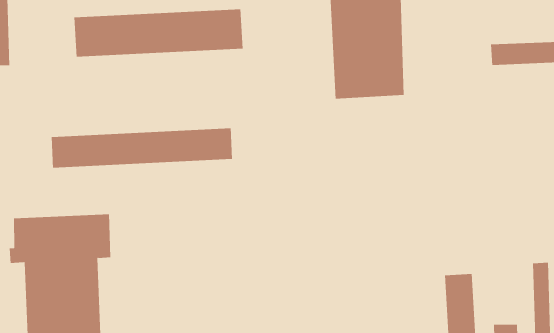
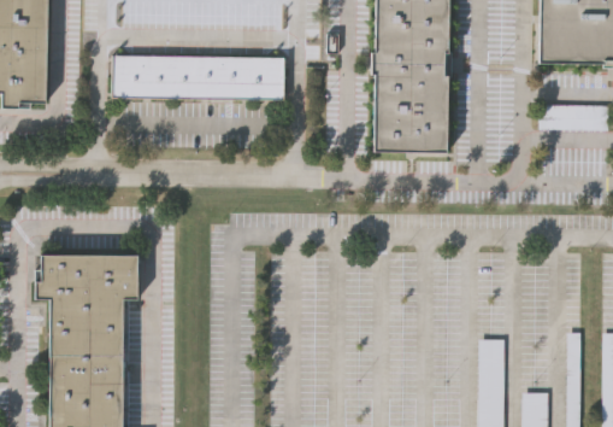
building: [51,128,232,168] -> none

